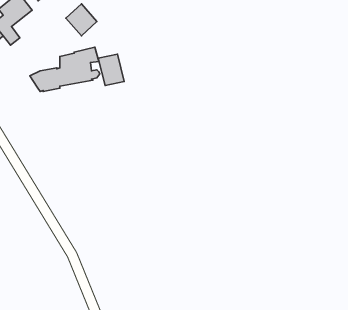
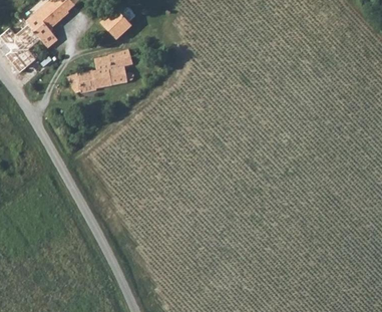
building: [98,54,124,86] -> none

